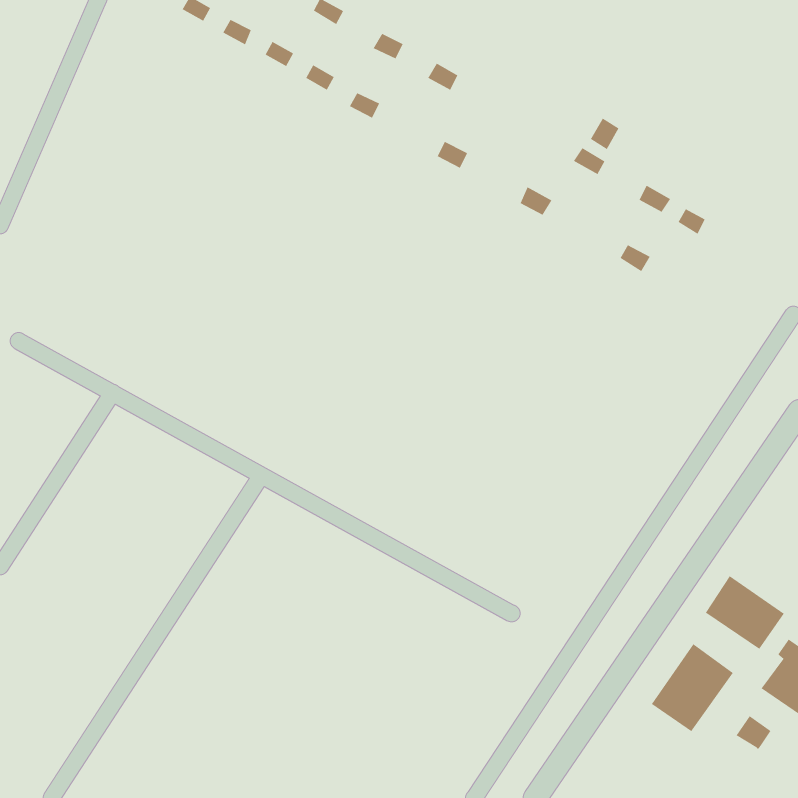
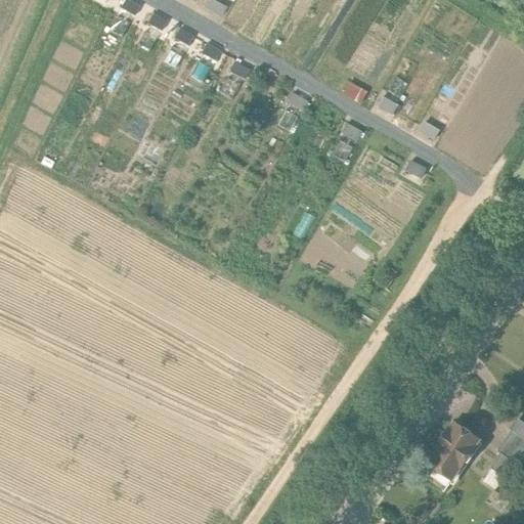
building: [705,575,785,650] -> none

